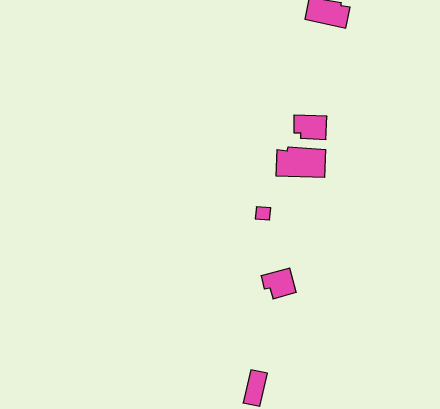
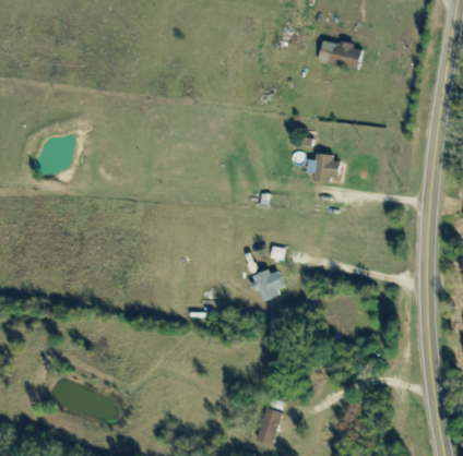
building: [276,147,326,177] -> none
building: [261,268,296,299] -> [250,268,285,299]

